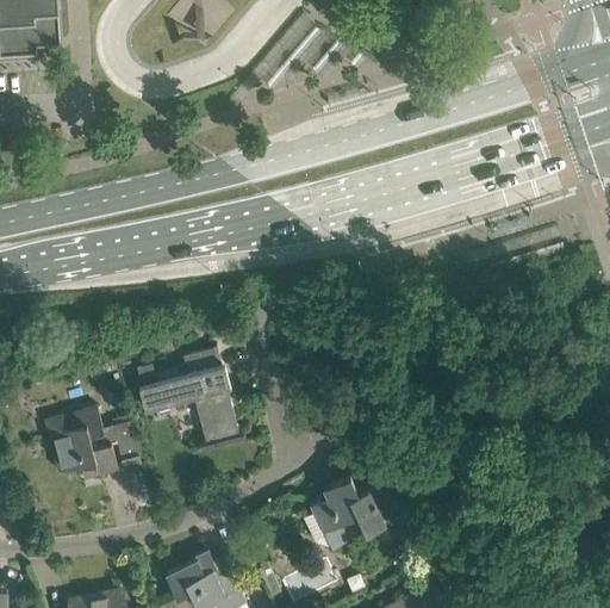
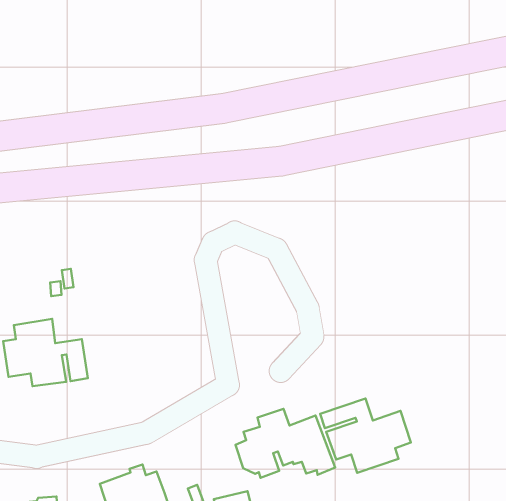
building: [137,346,244,449] -> none
building: none -> [320,398,411,473]

